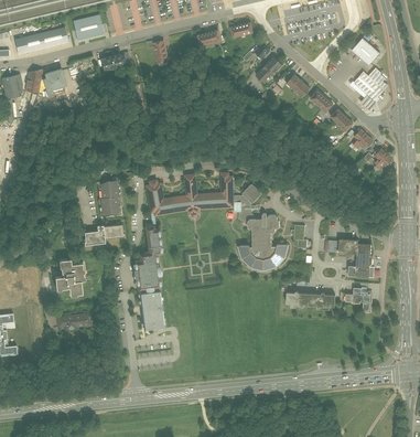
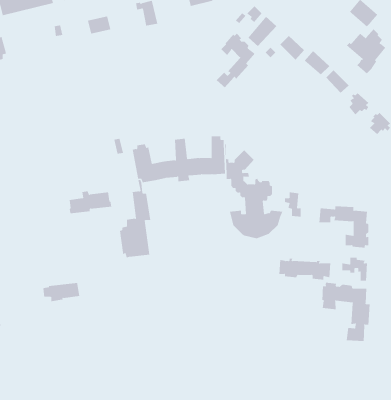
building: [24,65,66,95] -> none
building: none -> [216,33,255,88]
building: [96,178,118,214] -> none
building: [55,259,85,296] -> none
building: [141,285,166,324] -> none
building: none -> [322,282,370,342]

